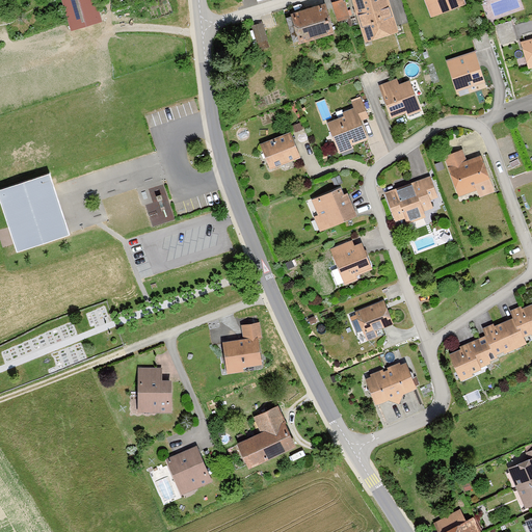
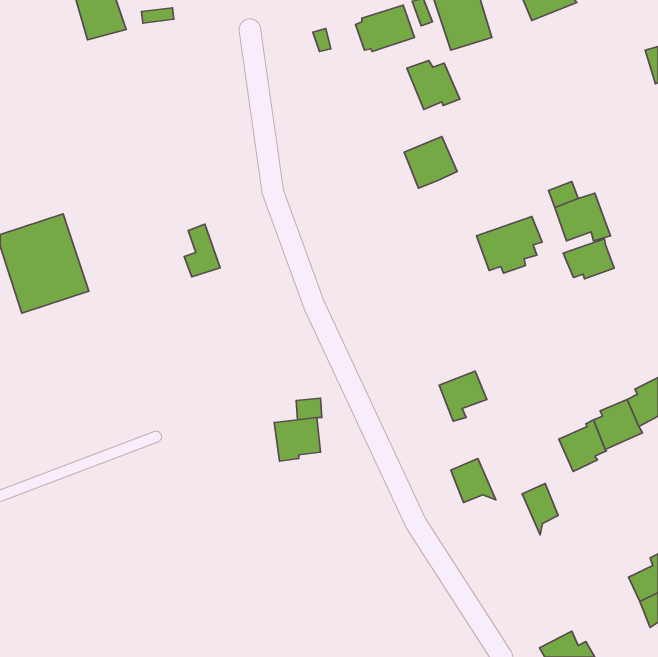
building: [447,52,486,92] -> none
building: [377,77,420,116] -> [407,61,460,110]
building: [260,131,299,167] -> none
building: [311,185,355,230] -> none
building: none -> [563,239,614,279]
building: [328,238,372,284] -> none
building: [385,362,415,403] -> [522,483,558,535]
building: [136,367,170,413] -> none
building: [236,402,294,464] -> none
building: [166,447,212,494] -> none

